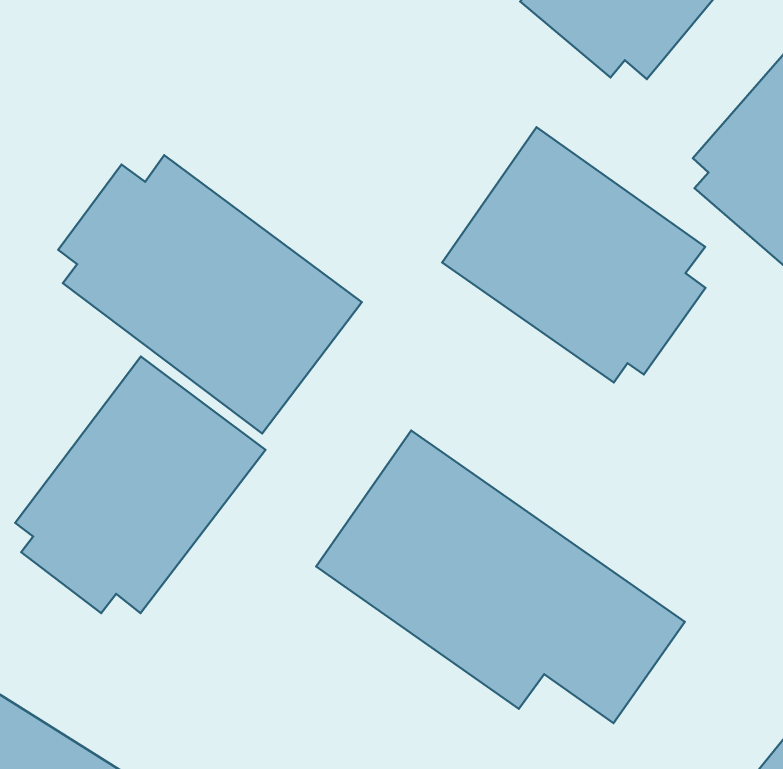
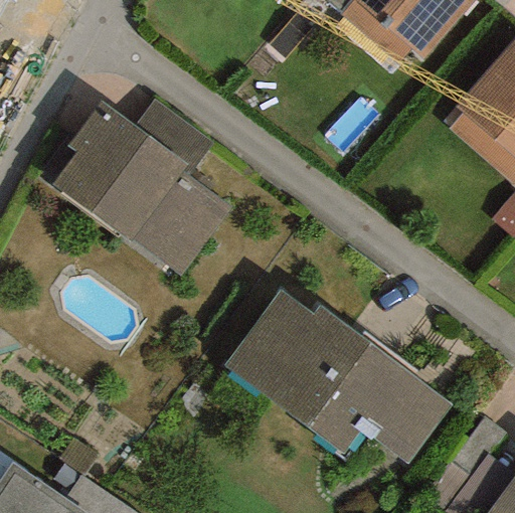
building: [442,127,706,383] -> none
building: [15,357,265,613] -> none

